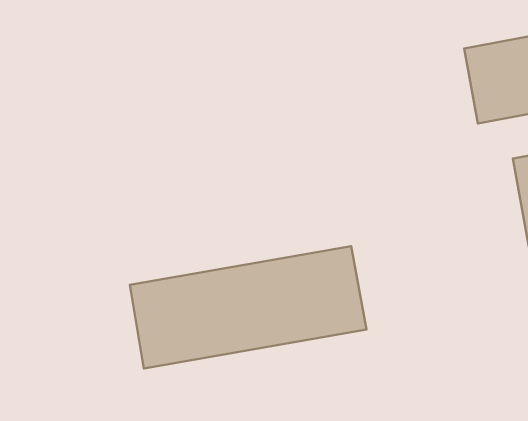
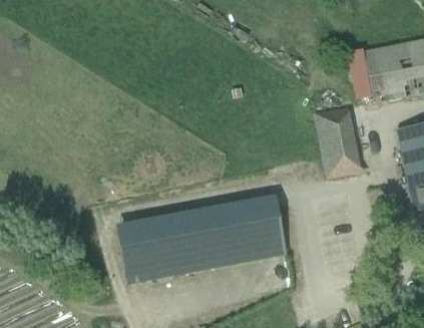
building: none -> [314,108,360,177]

